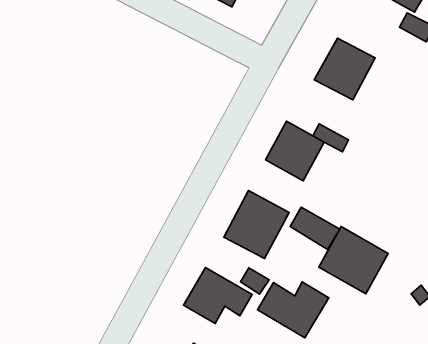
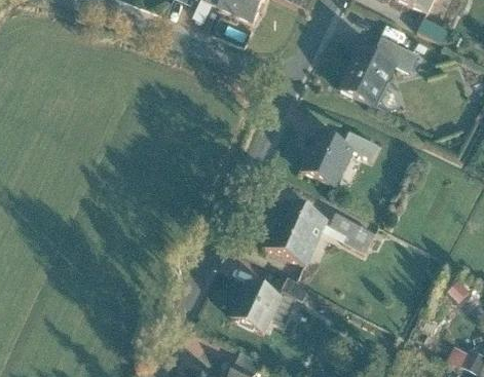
building: none -> [373,37,419,71]
building: [319,226,388,294] -> none
building: [257,282,329,338] -> none

